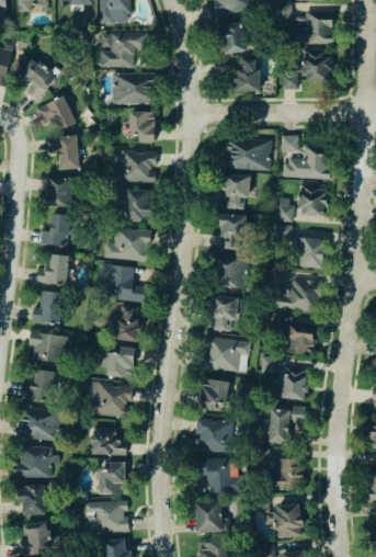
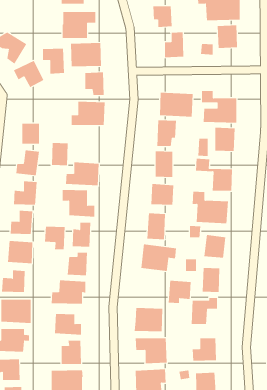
building: [49,135,79,169] -> [42,48,65,74]
building: [126,189,149,219] -> [51,142,69,166]
building: none -> [44,226,65,250]
building: [201,378,231,409] -> [168,280,191,304]

